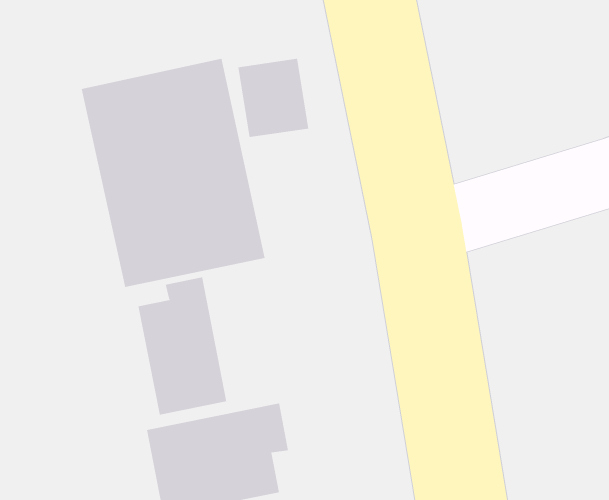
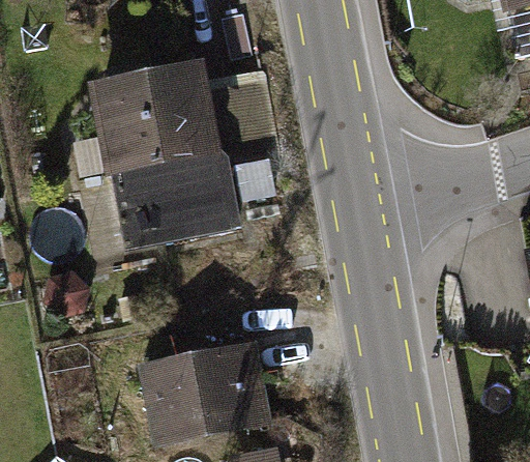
building: [138,277,227,415] -> none

